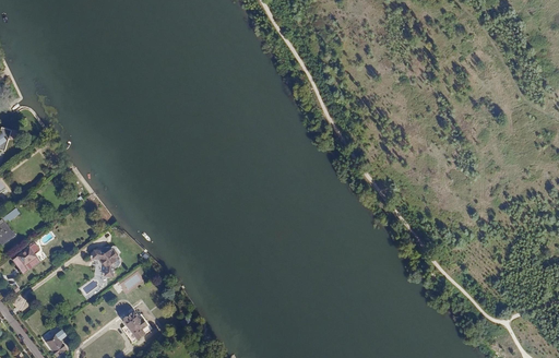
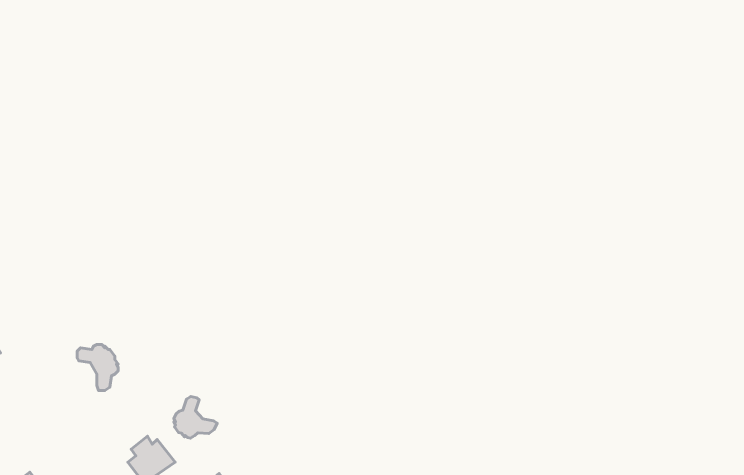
building: none -> [174,397,217,438]

